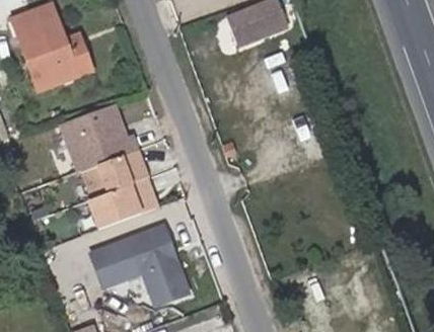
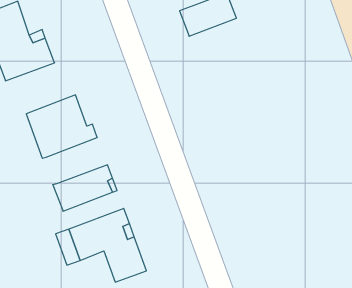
building: [82,150,148,199] -> none

